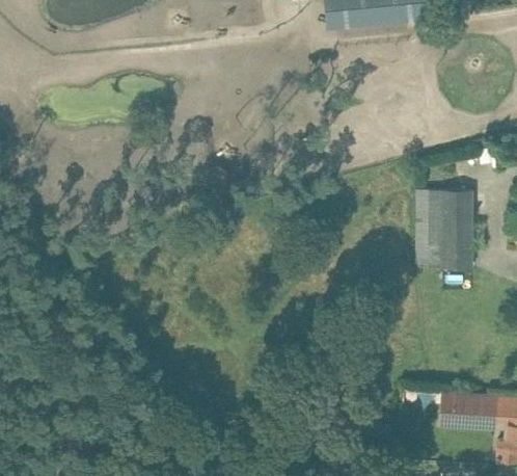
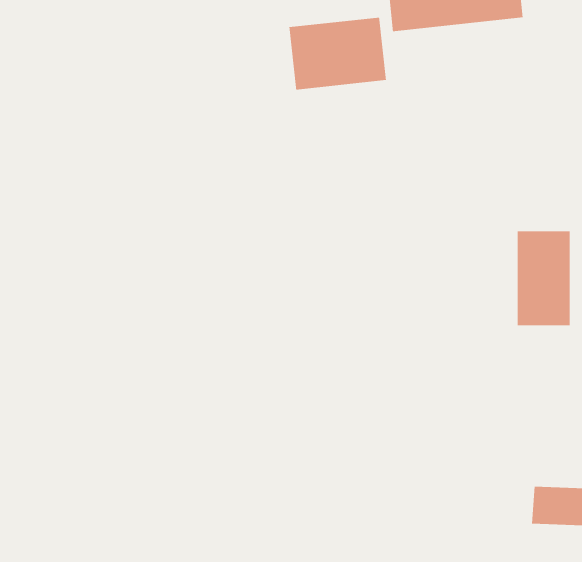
building: none -> [289,17,386,90]

